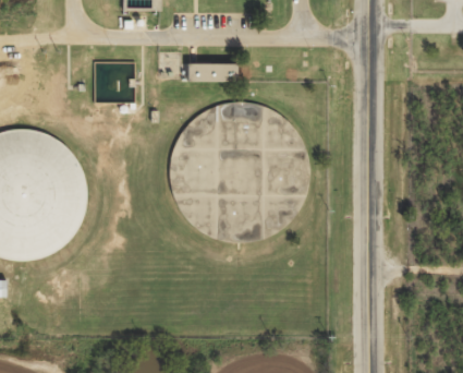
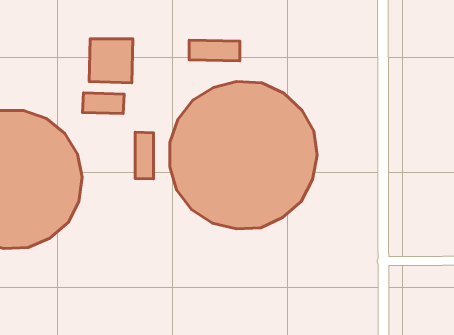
building: none -> [83,93,124,114]
building: none -> [135,132,153,179]

